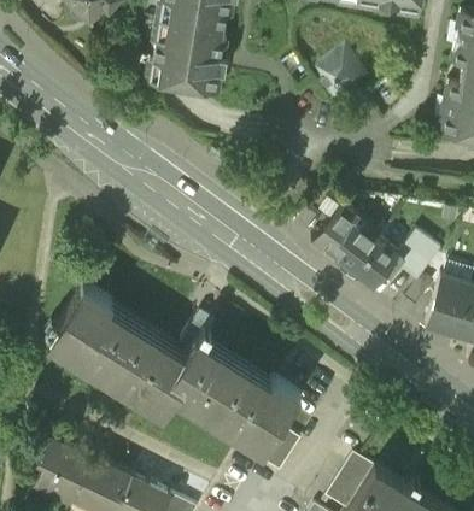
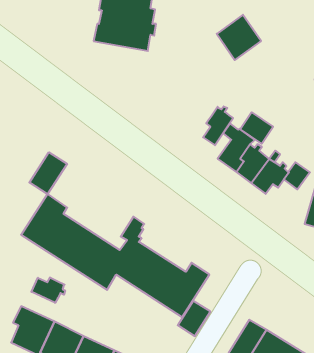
building: none -> [203,106,233,145]
building: none -> [240,112,273,144]
building: none -> [29,152,67,194]
building: none -> [31,277,65,303]

